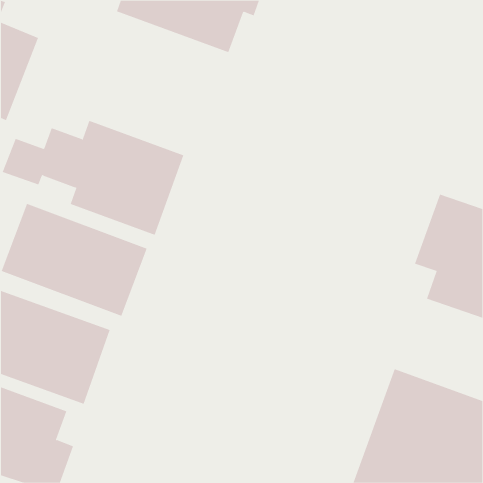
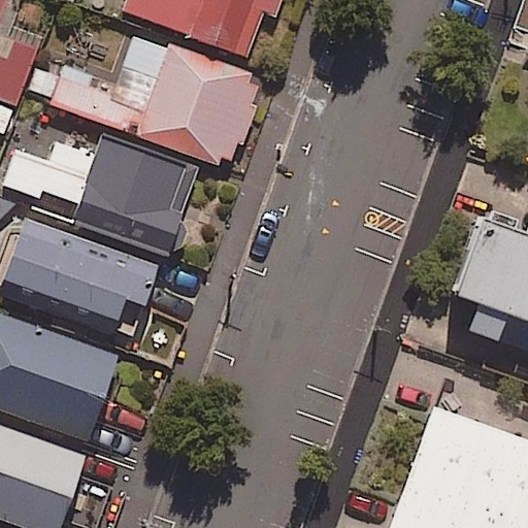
building: none -> [30,35,264,170]

